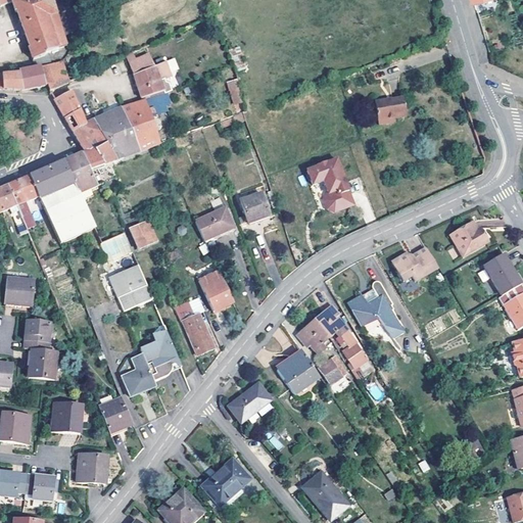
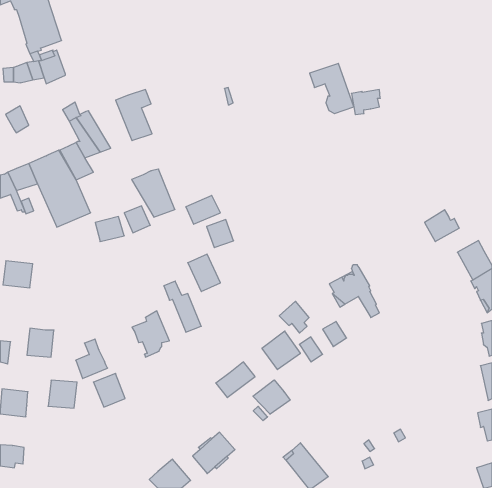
building: [126,50,173,96] -> none
building: [55,88,80,116] -> [6,106,29,133]
building: [94,106,140,157] -> [132,169,175,217]
building: [306,159,353,212] -> [310,63,354,114]
building: [241,191,270,221] -> [207,220,234,248]
building: [392,247,437,281] -> none
building: [109,265,153,310] -> none
building: [314,303,356,345] -> none
building: [25,321,51,350] -> none
building: [123,352,156,394] -> [76,339,108,379]
building: none -> [253,380,290,414]
building: [77,454,107,484] -> none
building: [25,475,53,500] -> none

